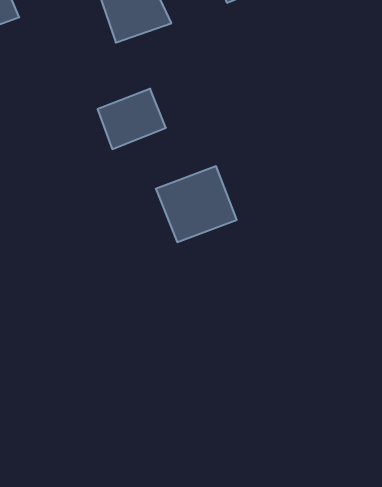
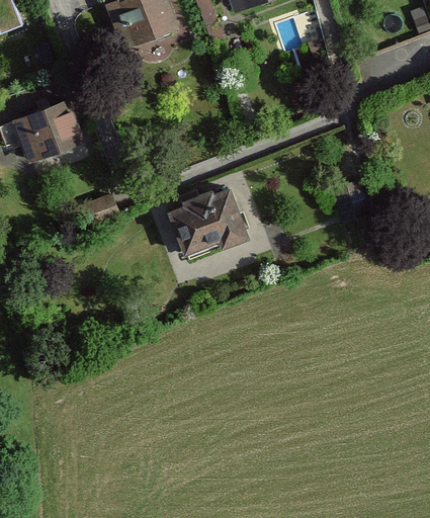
building: [98,89,166,149] -> [12,100,83,163]

